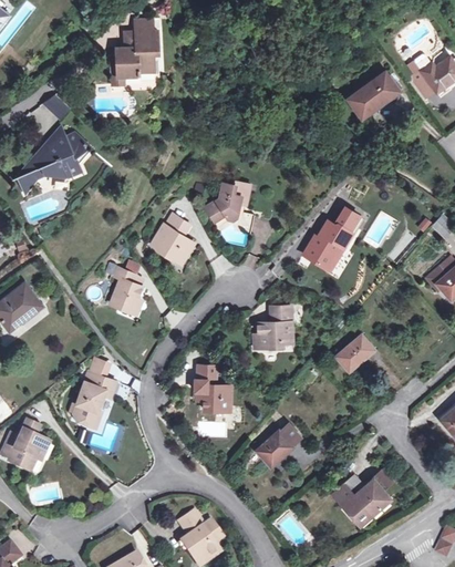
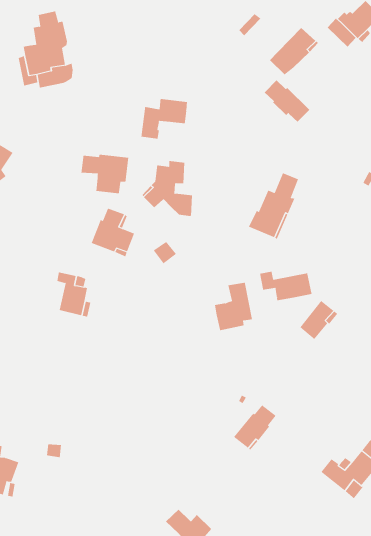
building: none -> [141,98,188,139]
building: none -> [264,80,310,123]
building: none -> [81,154,129,194]
building: none -> [259,271,312,301]
building: [194,365,230,411] -> none
building: [73,372,114,426] -> none

